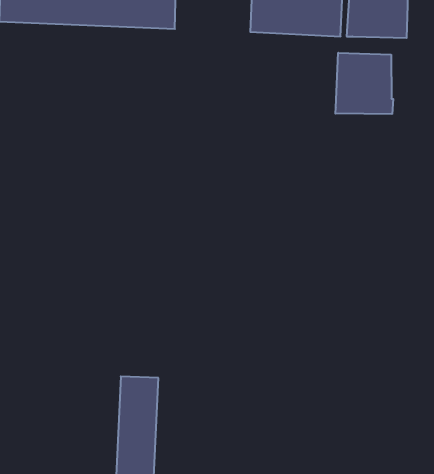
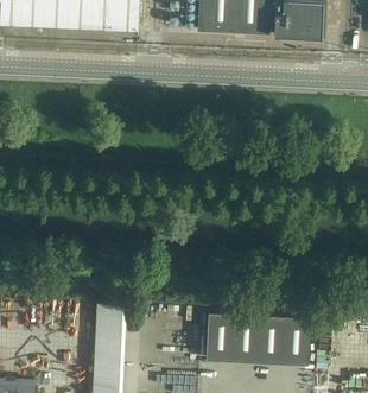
building: [335,53,393,114] -> none
building: none -> [205,312,310,365]

